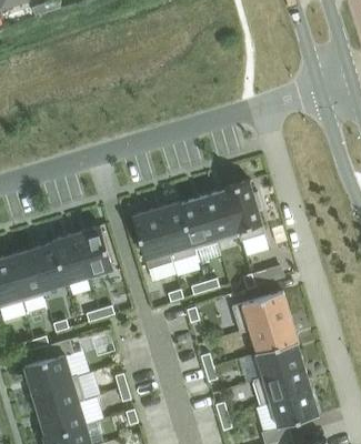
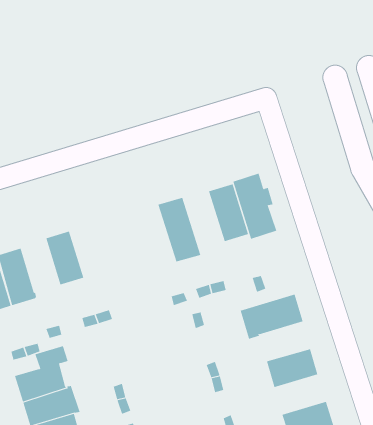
building: [179,196,217,255] -> none
building: [132,209,172,269] -> none
building: [76,225,112,276] -> none
building: [30,240,66,290] -> none
building: [249,316,298,353] -> none
building: [252,365,311,406] -> none

